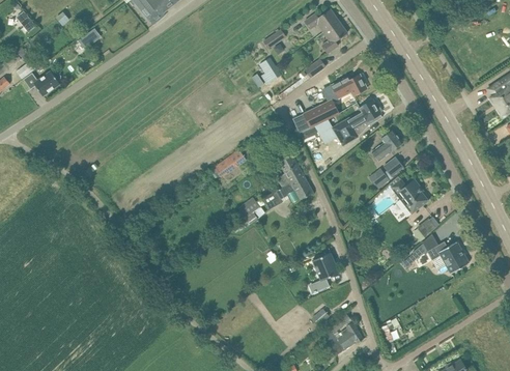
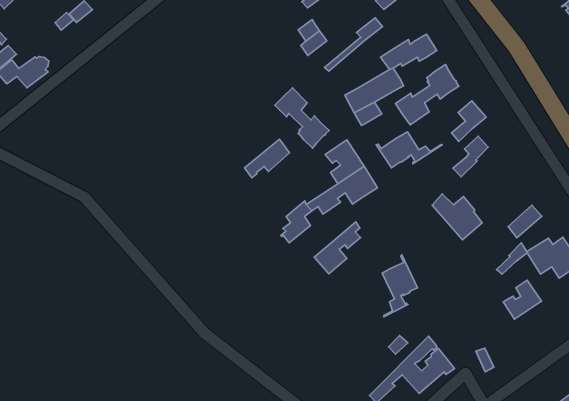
building: none -> [275,88,329,148]
building: none -> [376,132,442,168]
building: [390,175,428,212] -> [432,194,482,240]
building: none -> [314,222,360,274]
building: none -> [503,280,541,319]

